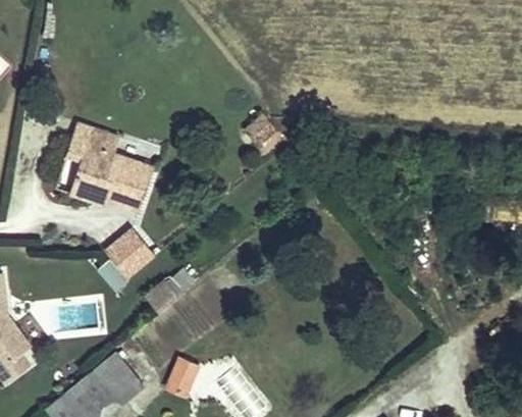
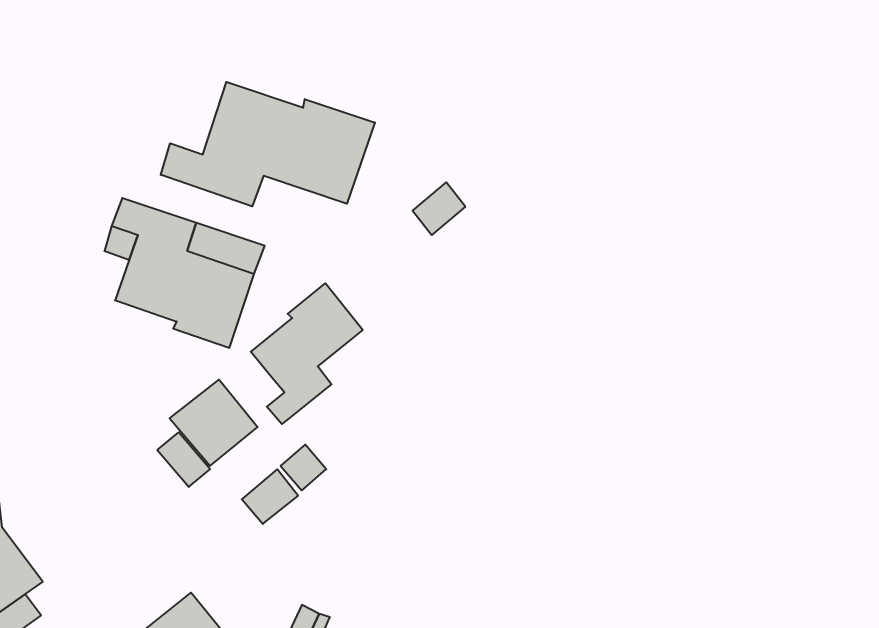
building: none -> [161,82,375,206]
building: none -> [251,283,363,424]

